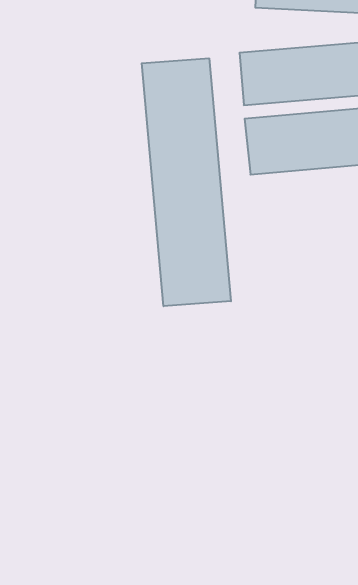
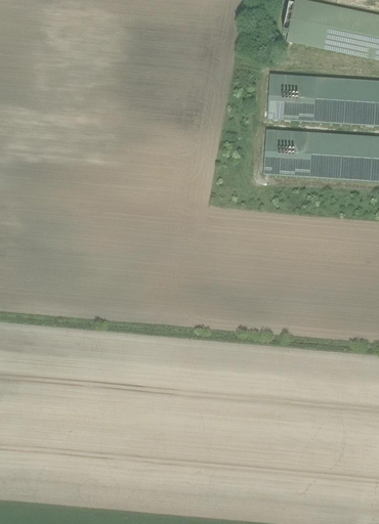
building: [142,58,231,306] -> none

